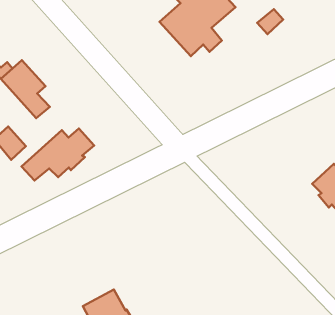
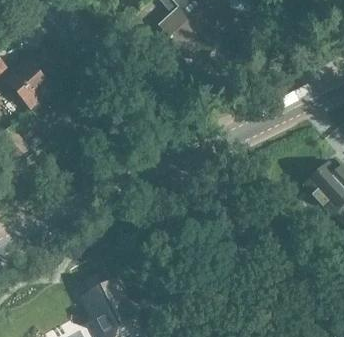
building: [22,129,94,181] -> none

